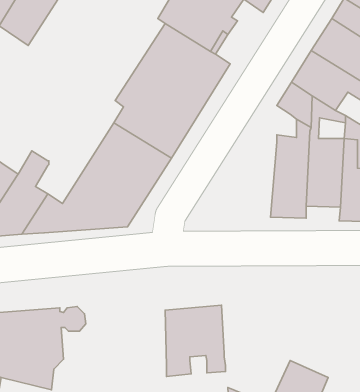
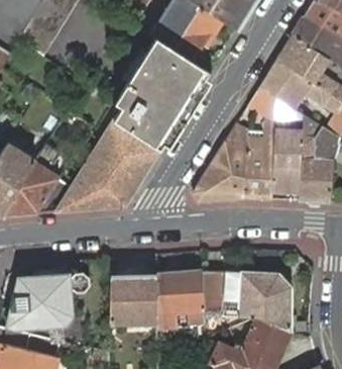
building: none -> [192,123,247,200]
building: none -> [202,270,291,330]
building: none -> [109,274,156,325]

